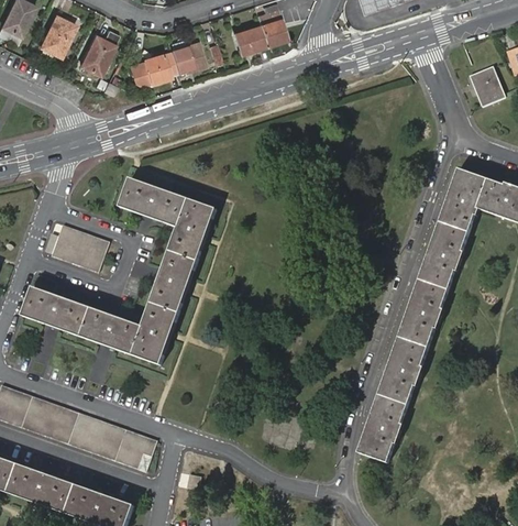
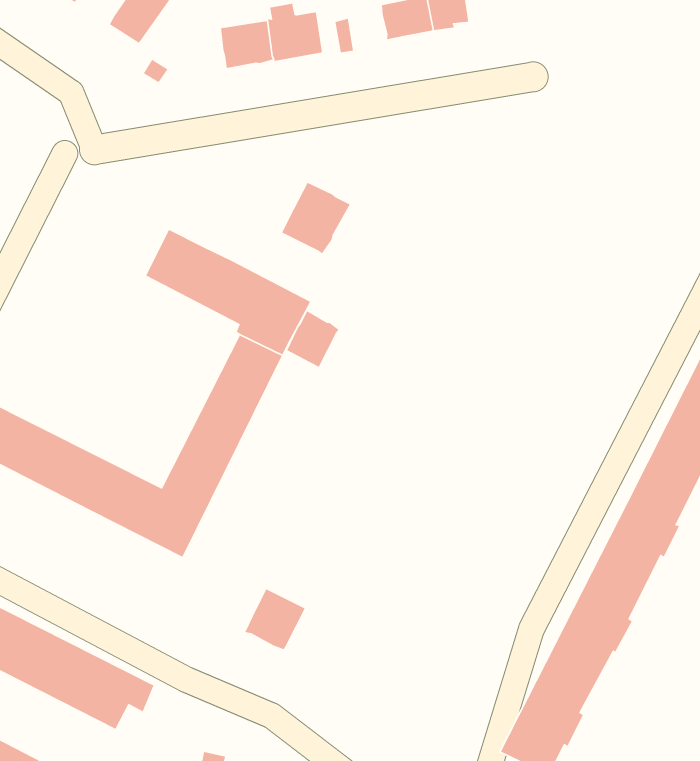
building: none -> [281,182,351,254]
building: none -> [286,310,339,368]
building: [52,224,108,271] -> none
building: none -> [244,588,306,650]

